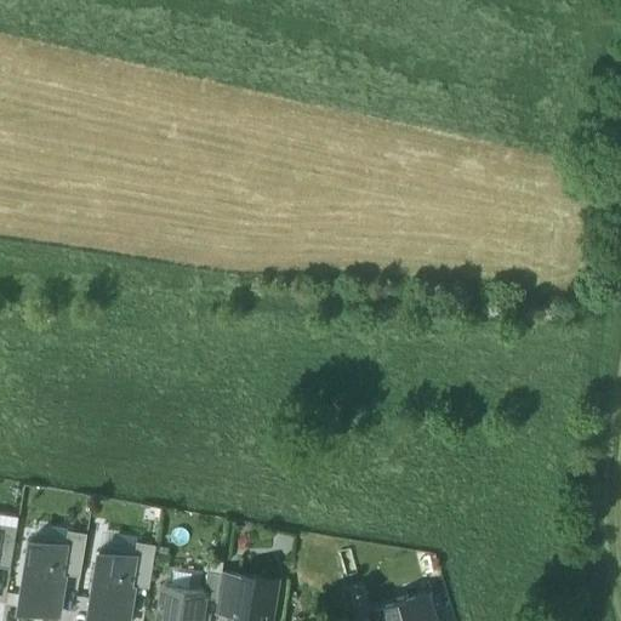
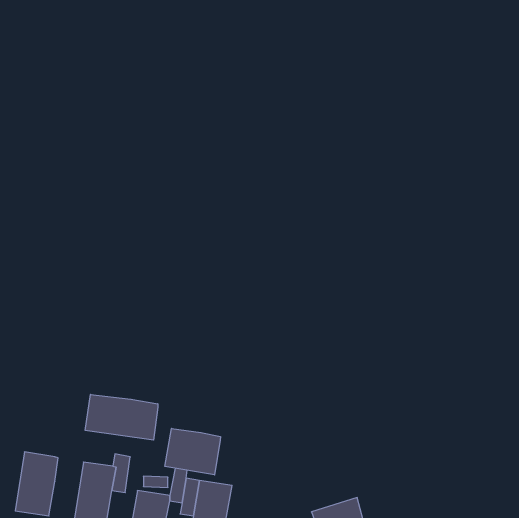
building: none -> [85,394,158,440]
building: none -> [165,428,220,475]
building: [65,532,87,579] -> none

